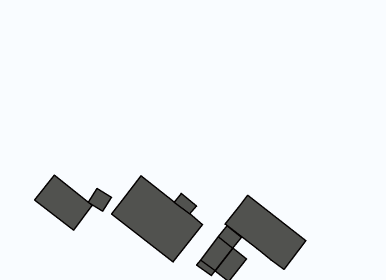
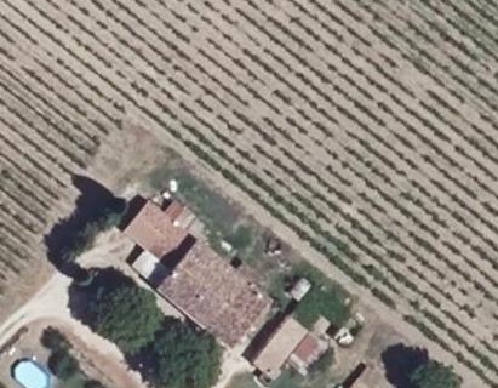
building: [35,175,92,230] -> [121,201,193,269]
building: [225,195,306,269] -> none

